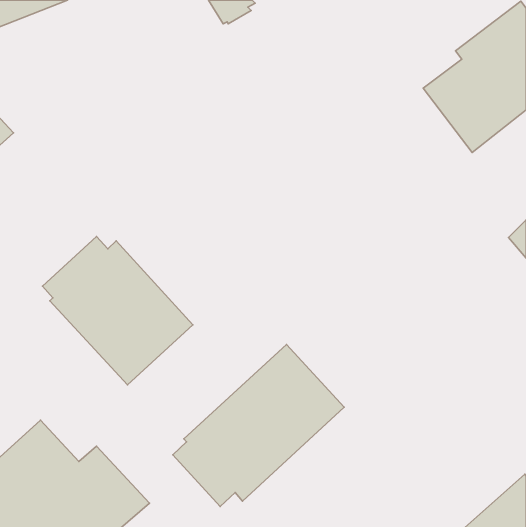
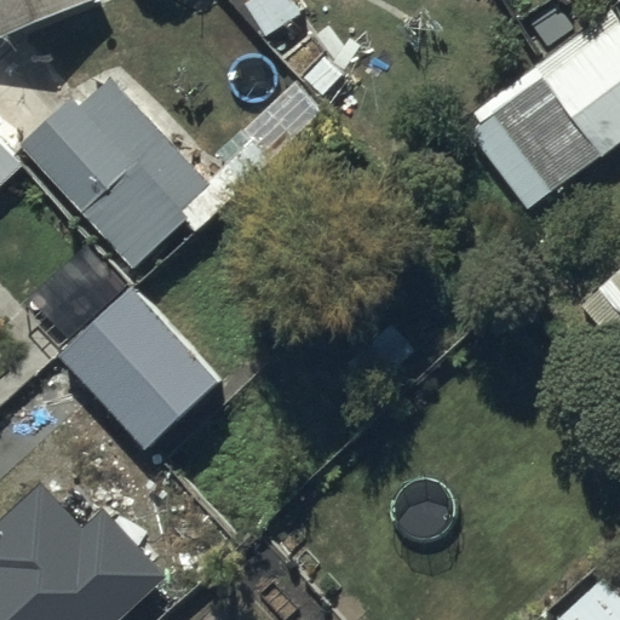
building: none -> [25,76,219,271]
building: [173,344,344,507] -> none

